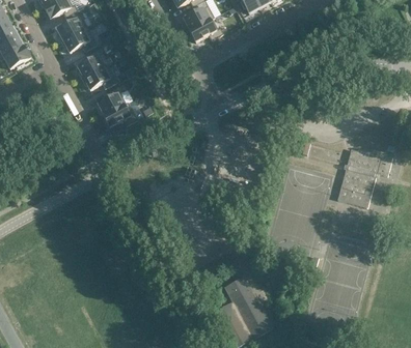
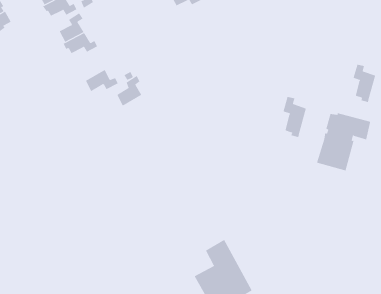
building: [99,84,125,115] -> [117,75,142,106]
building: none -> [353,64,376,103]
building: none -> [283,96,307,138]

